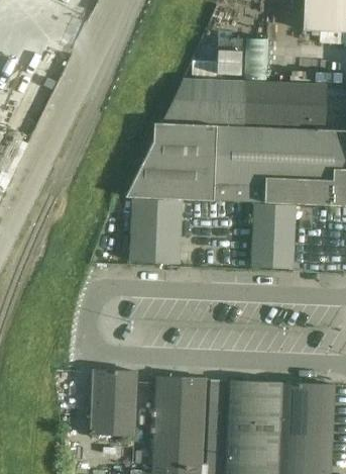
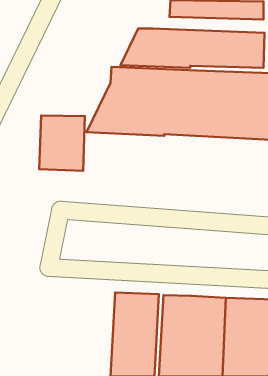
building: [129,200,181,263] -> [39,115,85,171]
building: [251,205,311,268] -> none
building: [91,371,136,439] -> none

